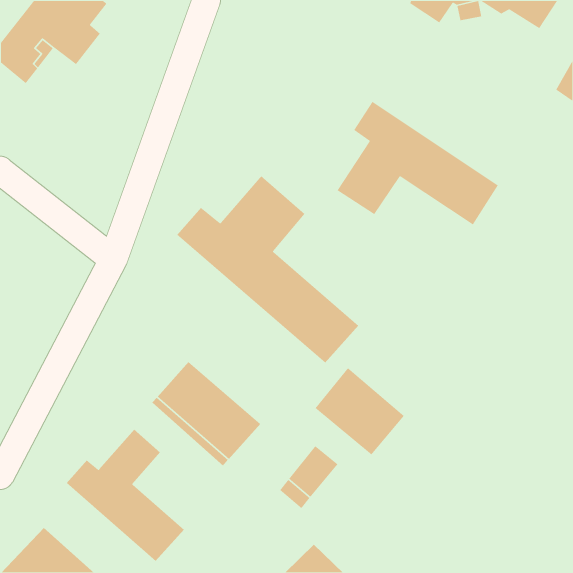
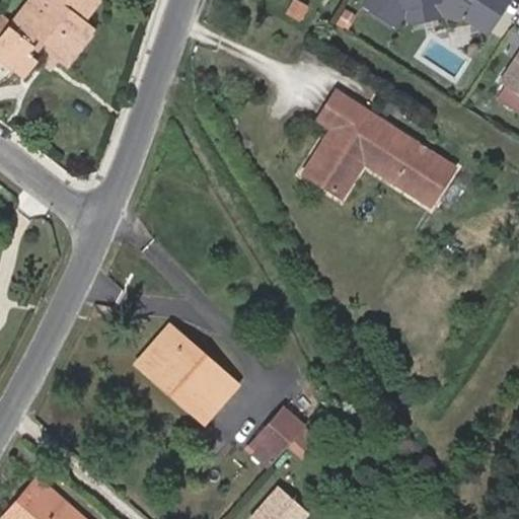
building: [176,175,359,363] -> none
building: [315,367,405,456] -> none
building: [66,429,185,562] -> none

